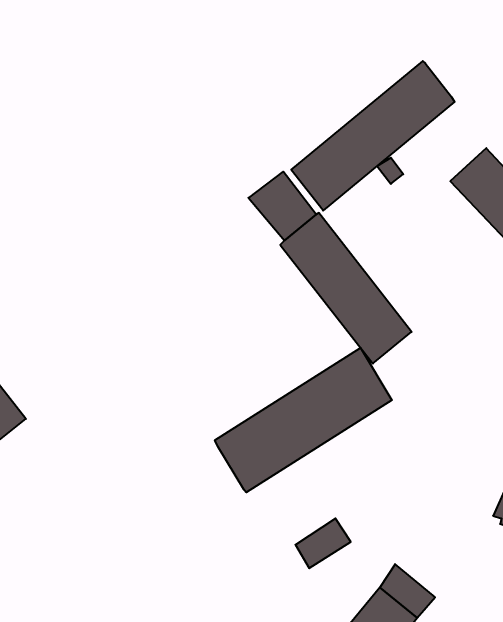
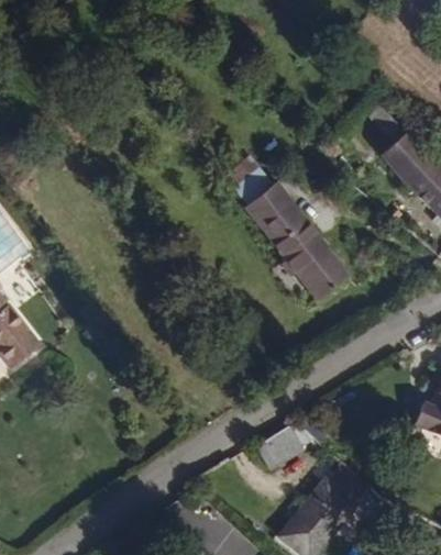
building: [291,61,455,211] -> none
building: [215,348,392,492] -> none

